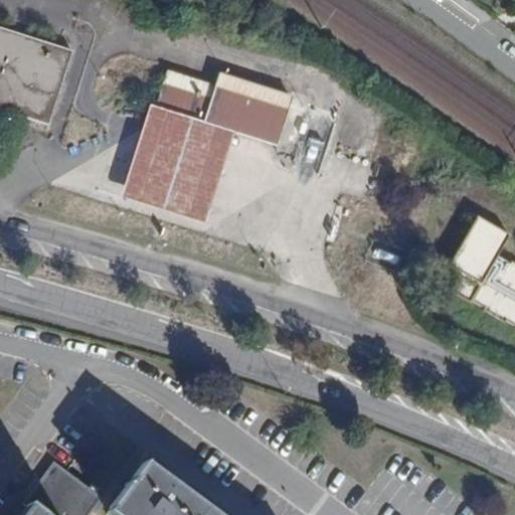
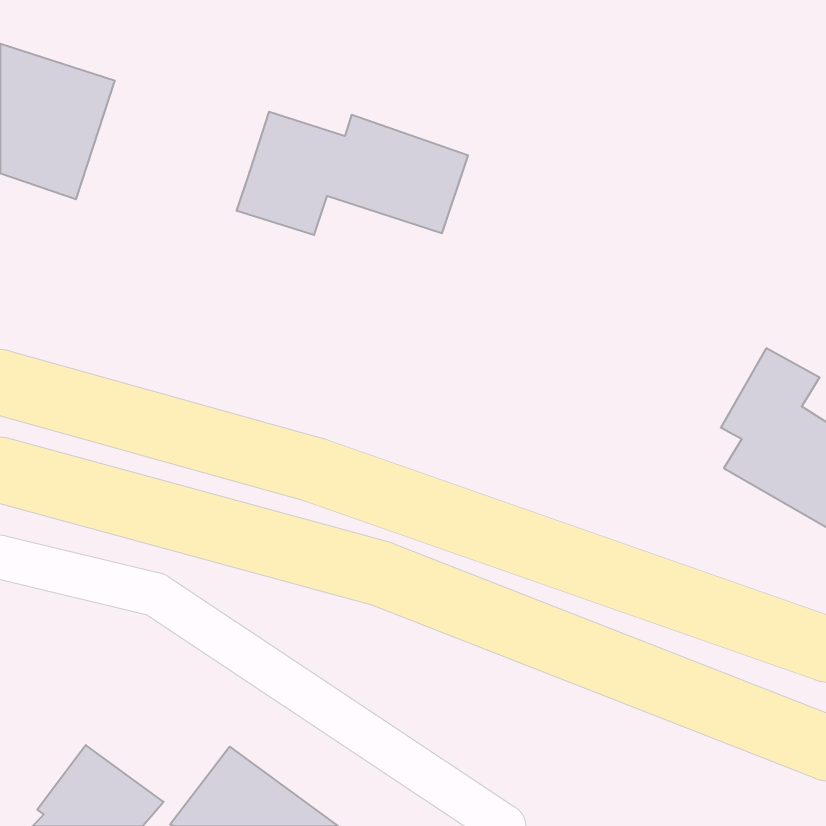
building: [122,105,234,223] -> none

